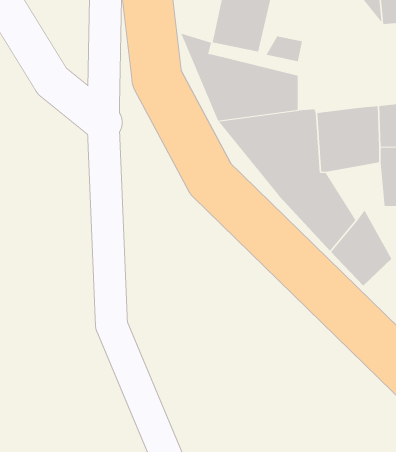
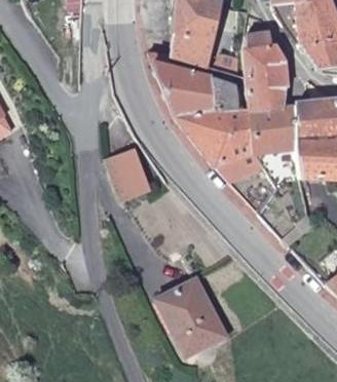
building: none -> [244,35,289,110]
building: none -> [107,149,150,200]
building: none -> [153,281,221,356]

